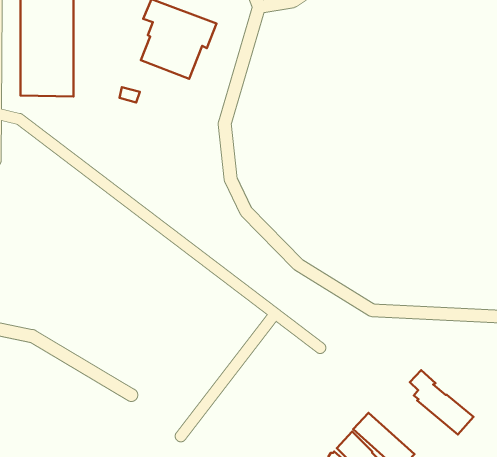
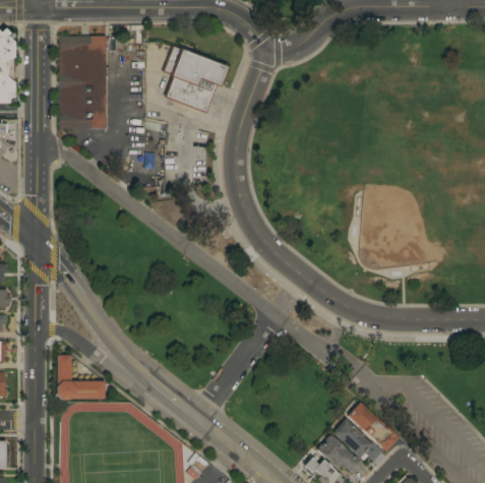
building: none -> [56,355,105,401]
building: [410,370,473,434] -> none

